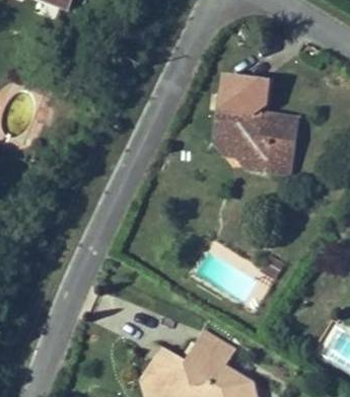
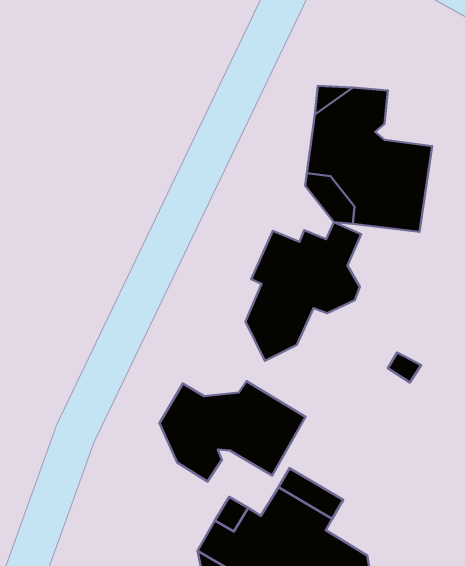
building: none -> [246,222,361,361]
building: none -> [160,381,305,482]

